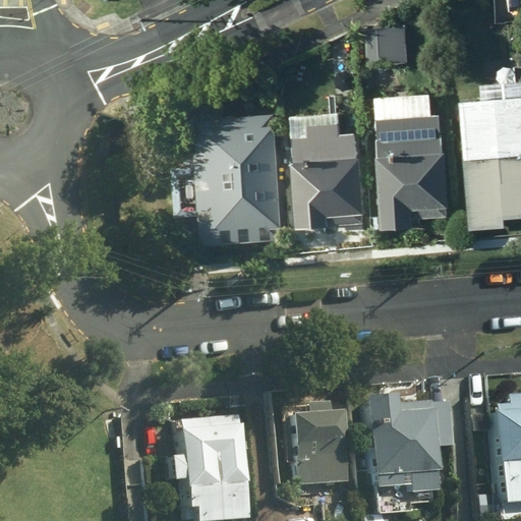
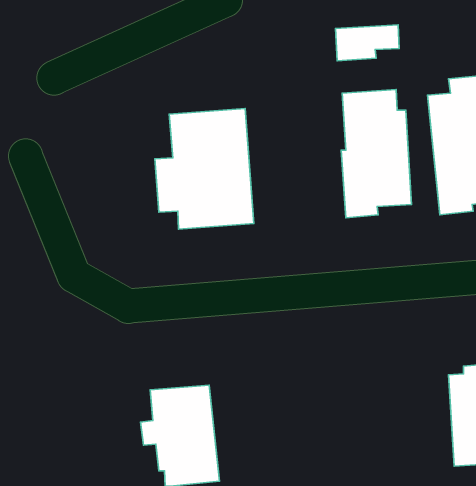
building: [291,128,366,233] -> none
building: [357,390,455,510] -> none
building: [287,399,347,484] -> none

